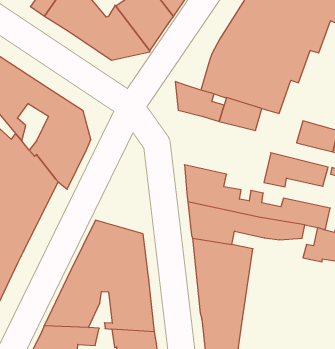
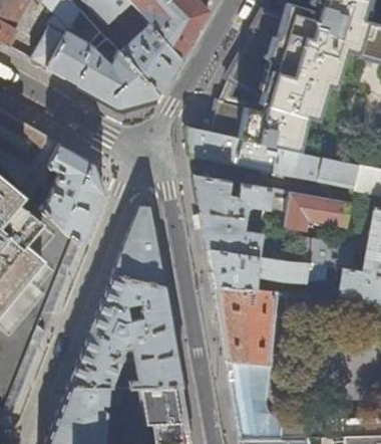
building: none -> [274,149,322,182]
building: none -> [196,176,291,225]
building: none -> [114,207,164,286]

